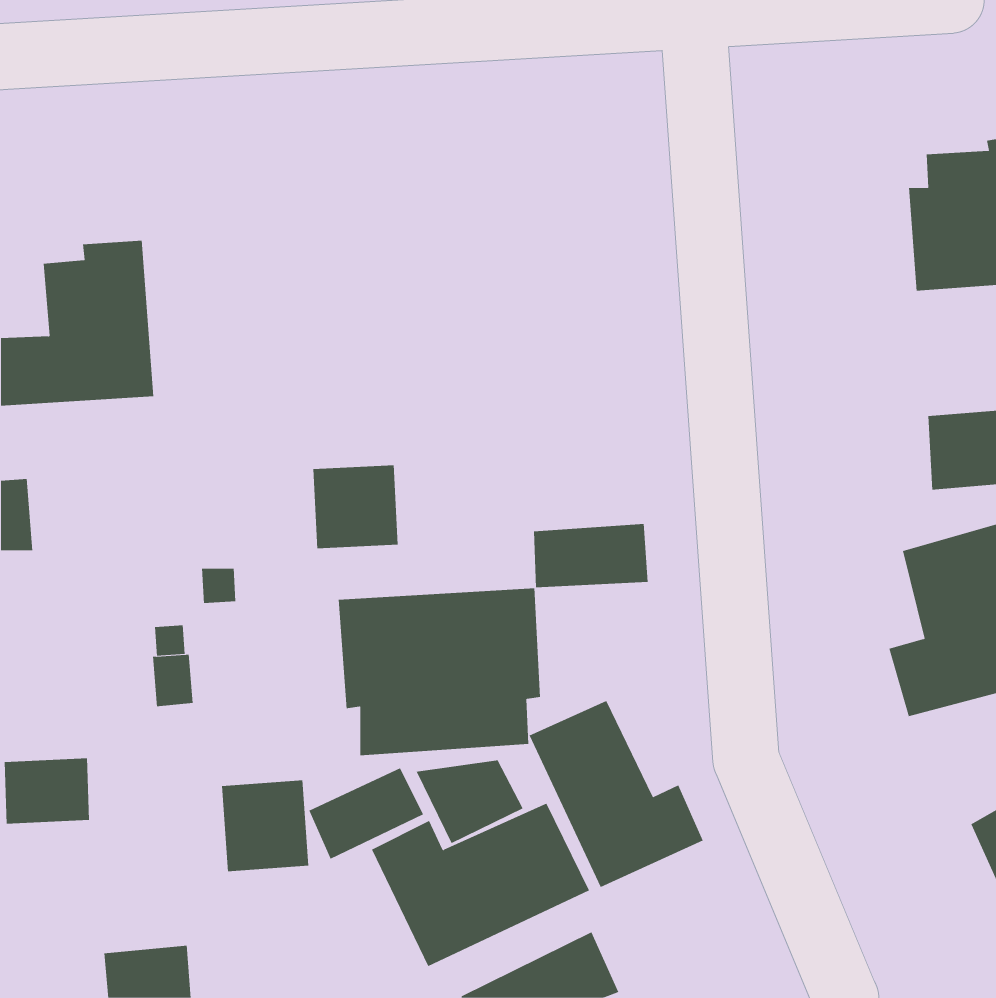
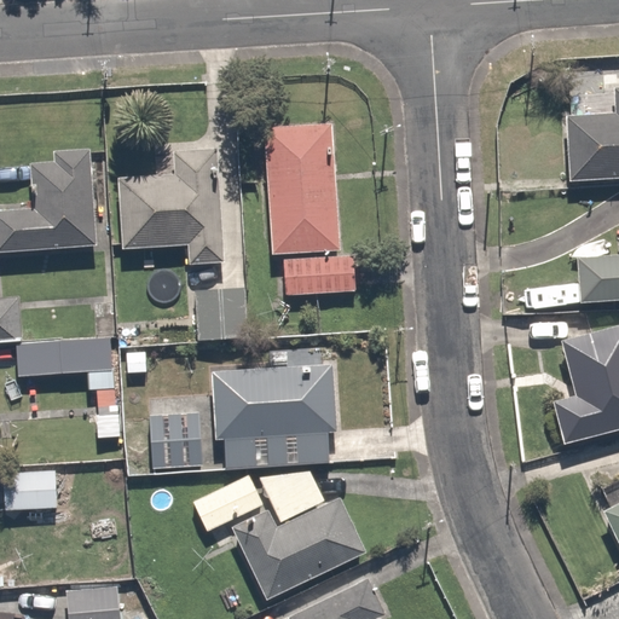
building: none -> [262,123,340,255]
building: none -> [117,149,224,264]
building: [533,523,648,588] -> [284,255,355,295]
building: none -> [15,337,112,376]
building: [529,700,704,888] -> none
building: [221,780,309,872] -> [149,412,203,469]

